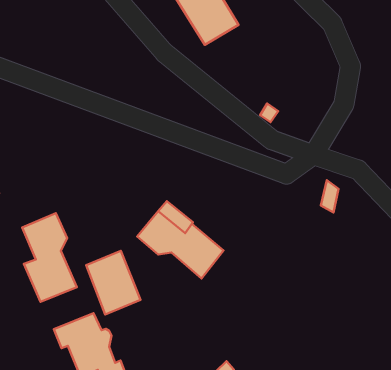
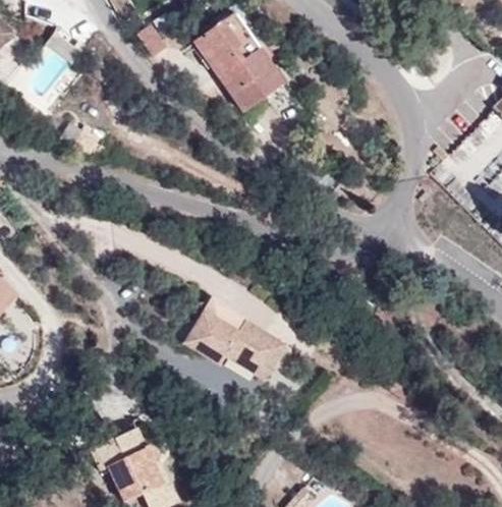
building: [22,213,77,302] -> none
building: [86,251,140,315] -> none

